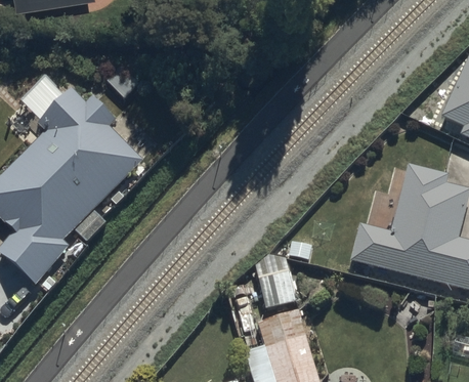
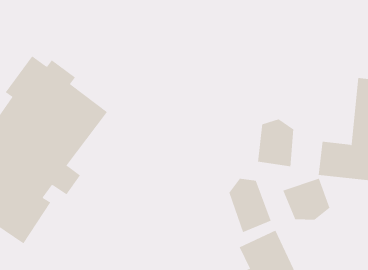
building: none -> [258,118,294,167]
building: none -> [282,178,330,220]

